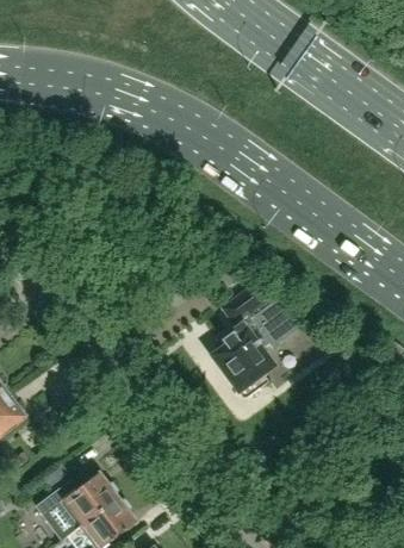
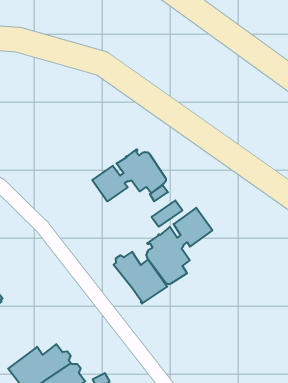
building: none -> [92,149,166,201]
building: none -> [114,252,167,304]

